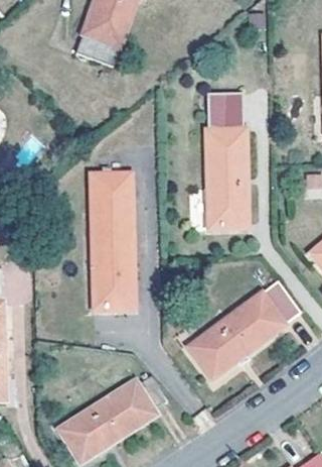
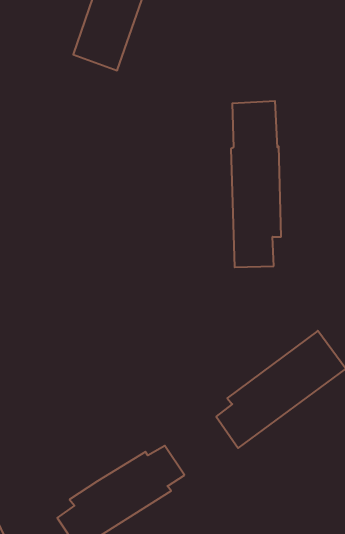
building: [93,174,133,310] -> none

